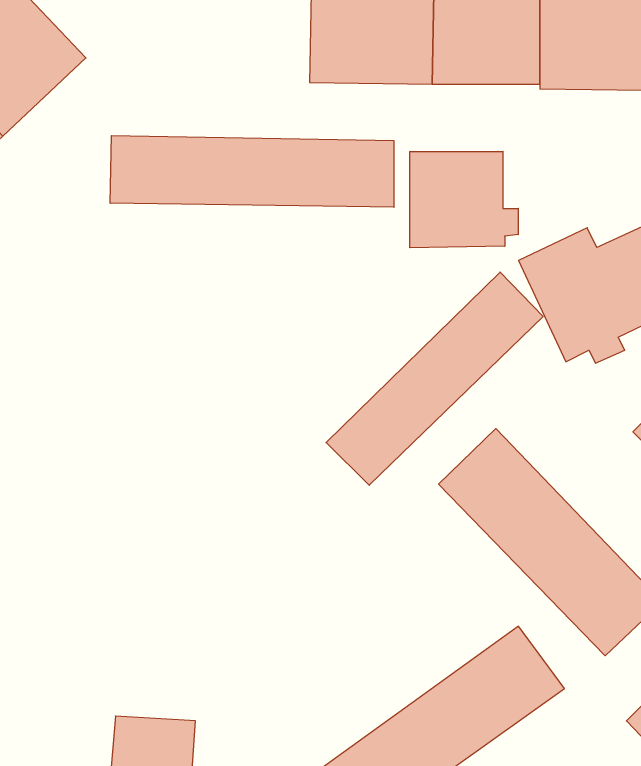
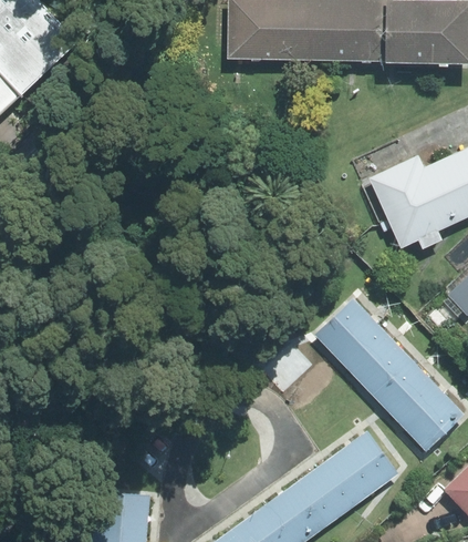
building: [110,136,394,207] -> none
building: [410,151,518,248] -> none
building: [326,272,543,485] -> none

